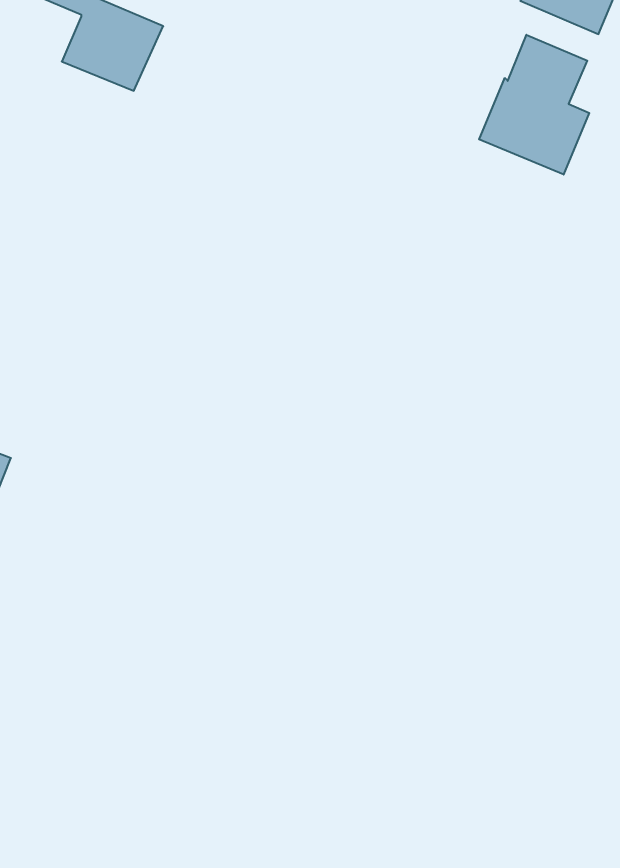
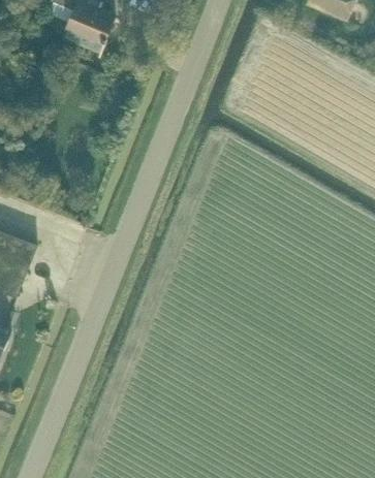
building: [479,35,589,175] -> none

